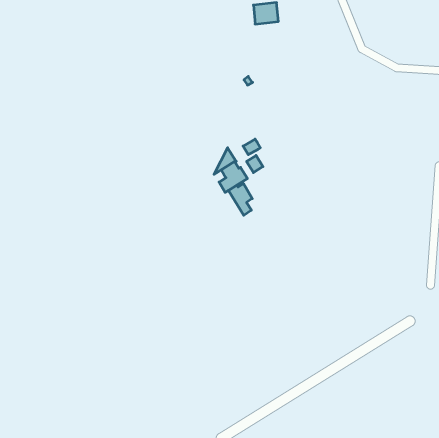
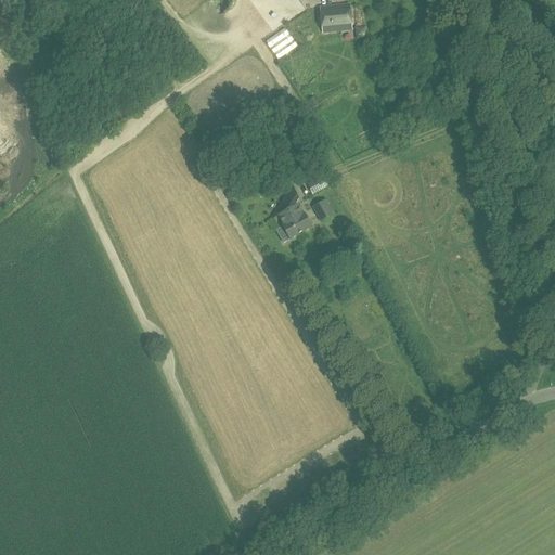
building: [228,184,252,215] -> none

